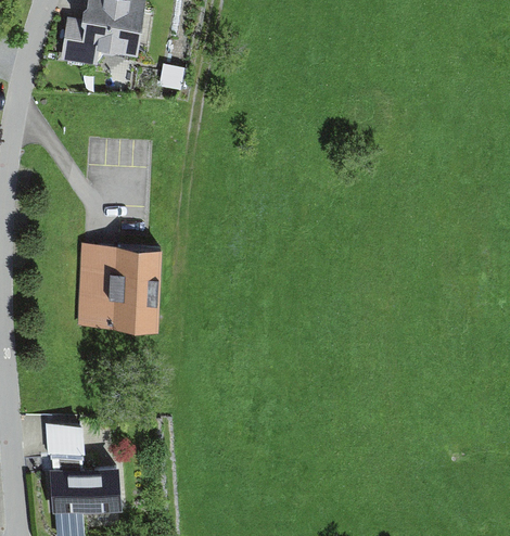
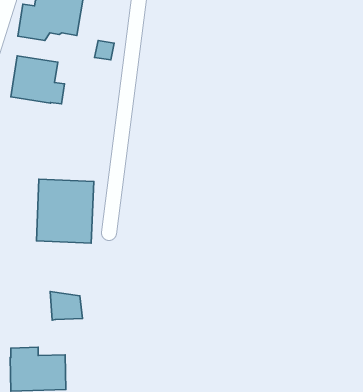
building: none -> [11,56,65,104]
building: [42,425,84,462] -> [50,292,82,320]

